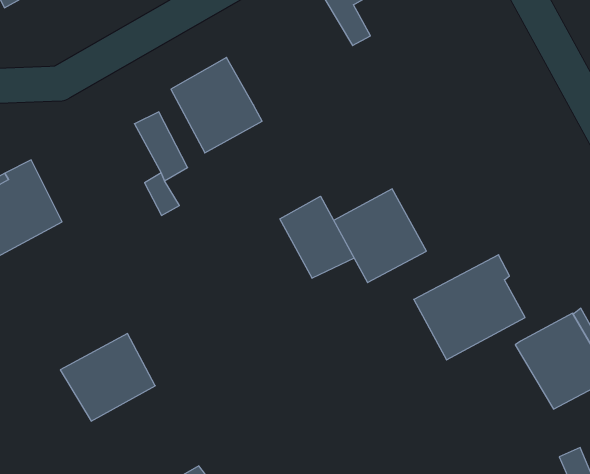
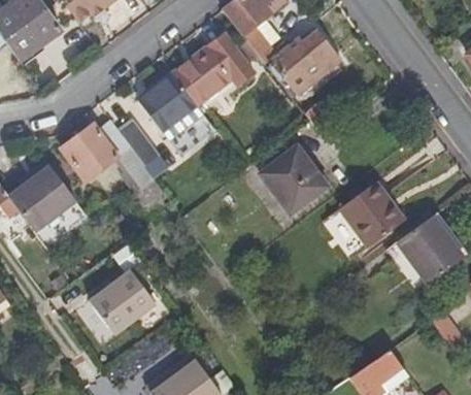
building: none -> [173,35,254,104]
building: none -> [265,29,336,93]
building: none -> [63,125,119,182]
building: [280,196,354,278] -> none

